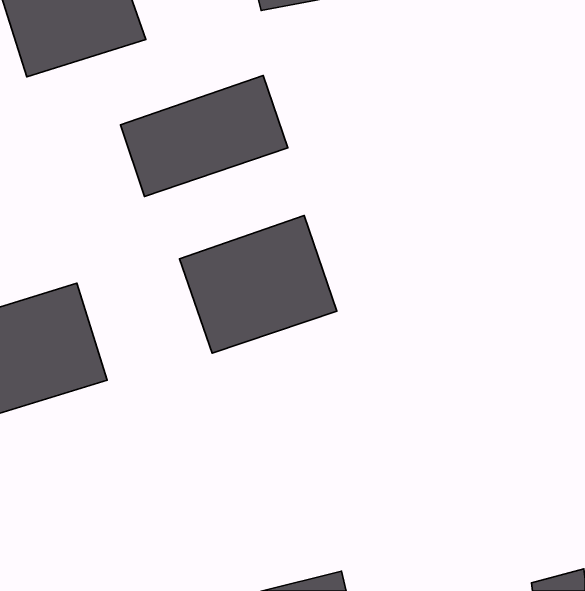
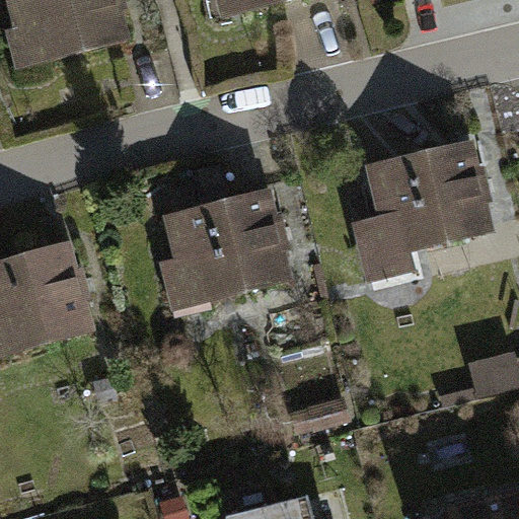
building: [121,76,288,196] -> none
building: none -> [367,139,493,254]

